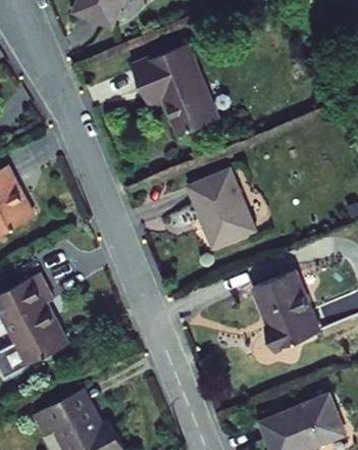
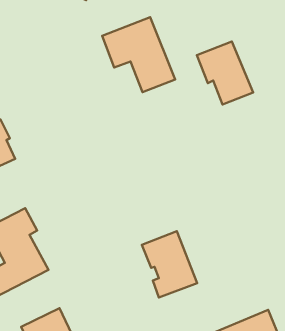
building: [187,168,254,244] -> [197,41,253,105]
building: [250,270,316,350] -> [142,231,197,298]

